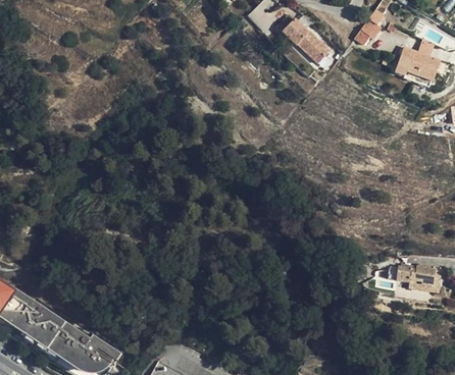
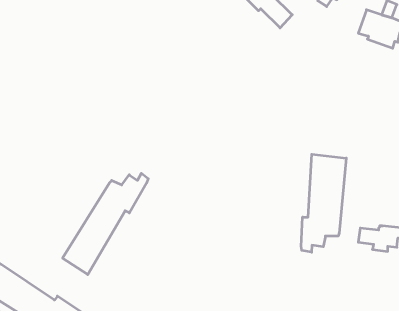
building: none -> [301,154,346,252]
building: none -> [63,173,148,275]

